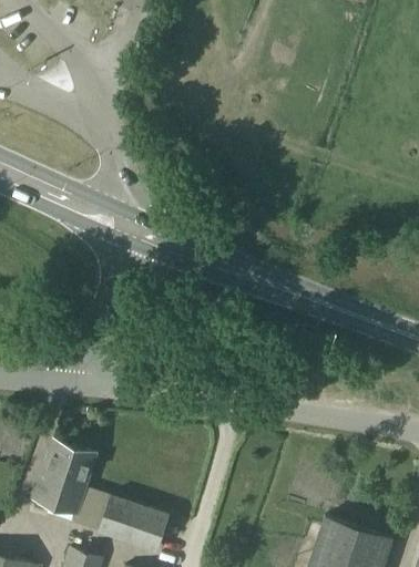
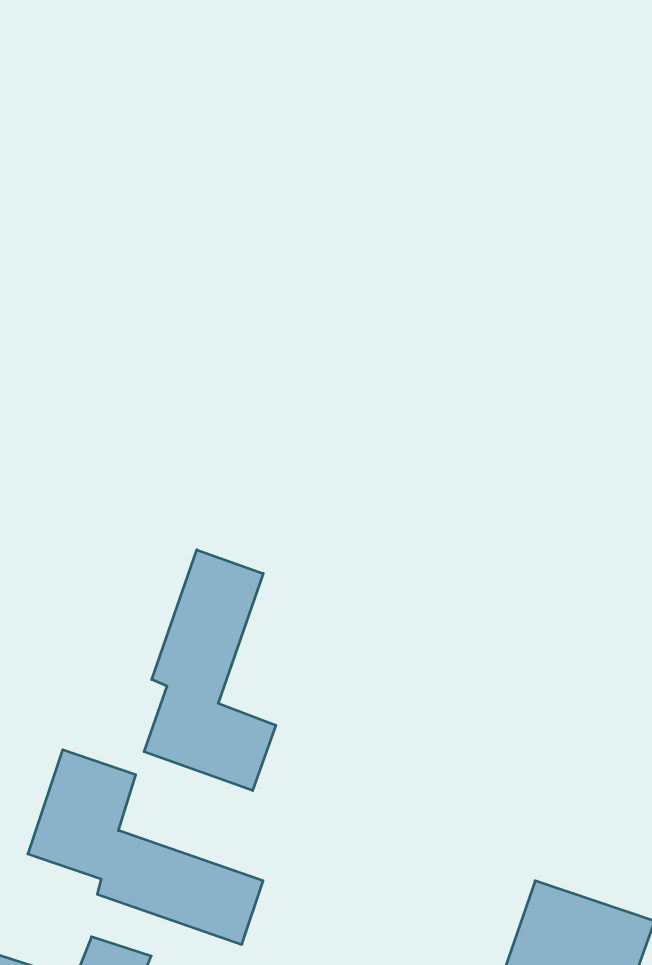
building: none -> [144,550,276,791]

